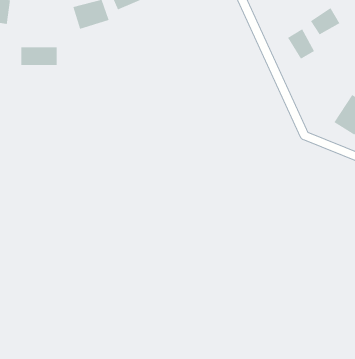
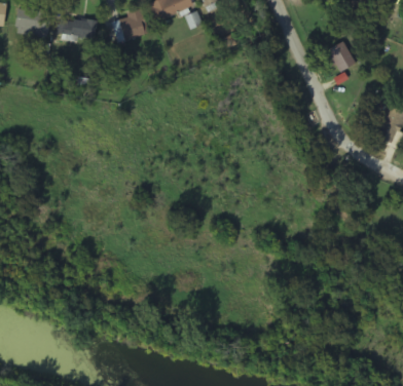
building: [310,7,340,35] -> none
building: [20,47,57,65] -> [59,20,96,38]

